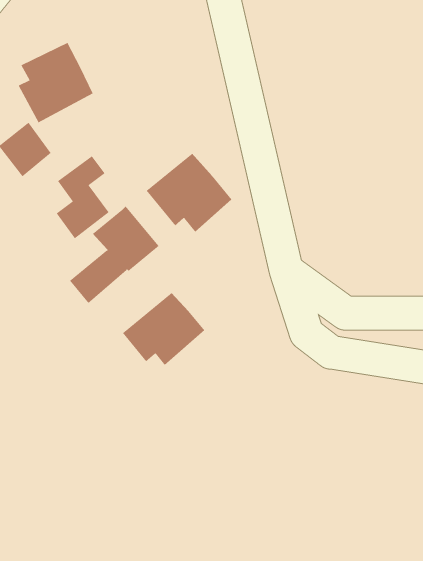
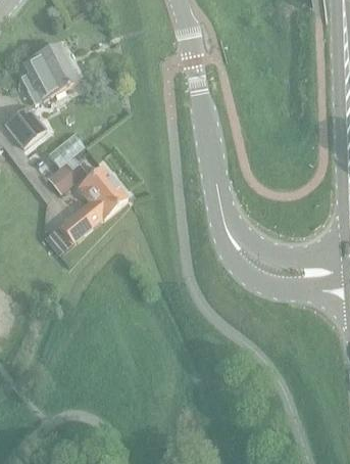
building: [146,153,232,233] -> none
building: [122,292,205,366] -> none

